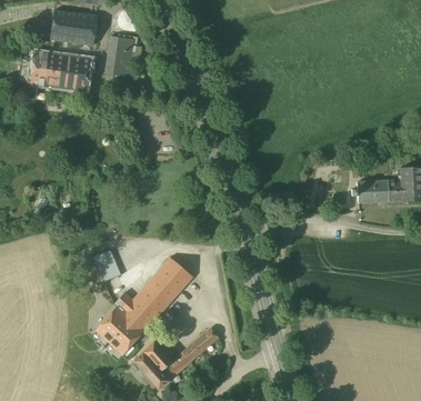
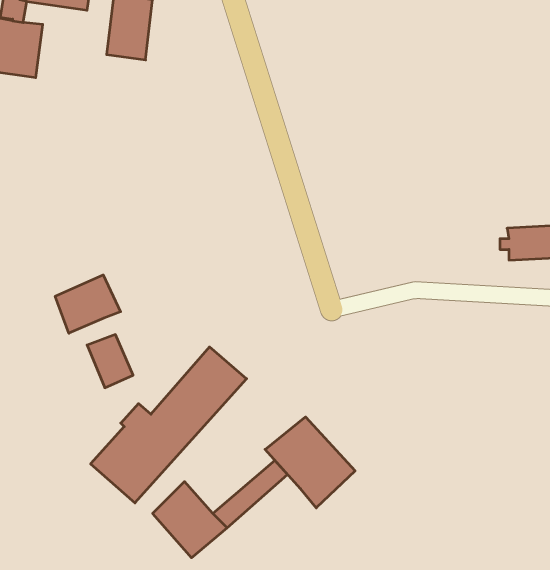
building: [61,54,91,91] -> none
building: none -> [55,275,121,333]
building: none -> [265,417,355,508]

